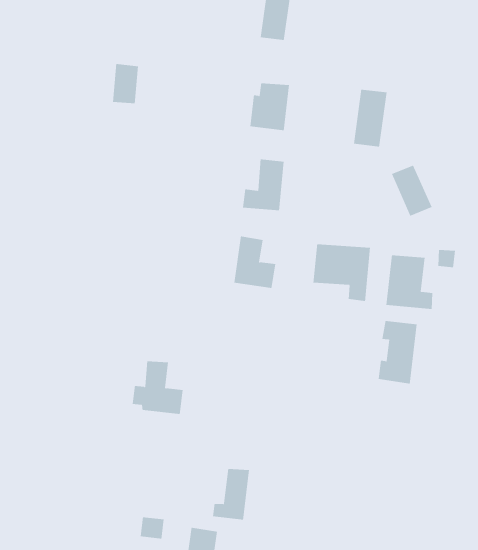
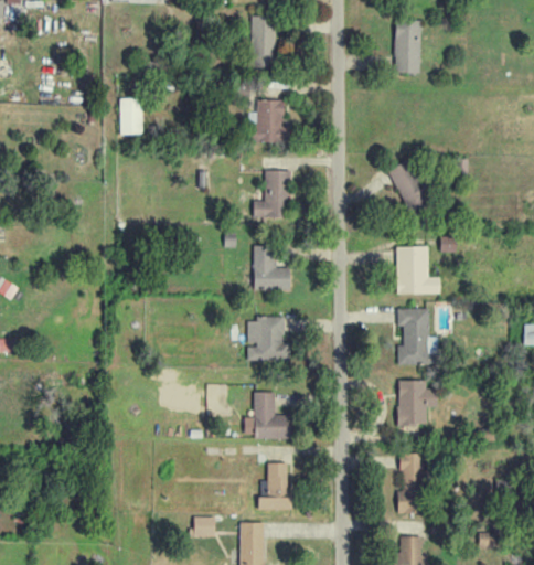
building: [353,89,388,147] -> [395,22,421,74]
building: [313,244,371,302] -> none
building: none -> [246,318,284,361]
building: [132,361,183,415] -> [244,392,290,439]
building: none -> [397,380,437,427]
building: none -> [397,454,421,514]

